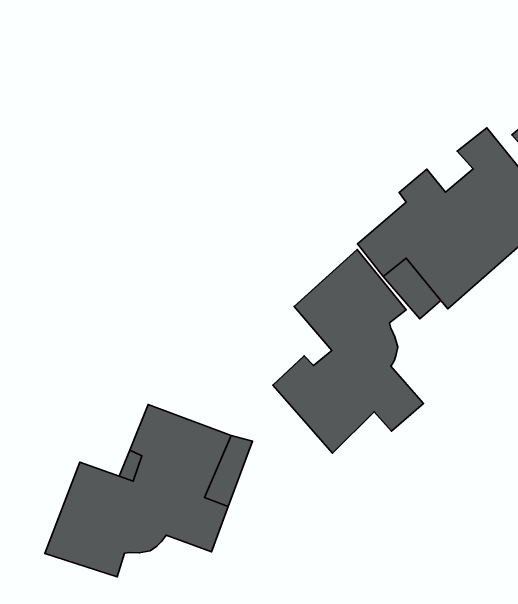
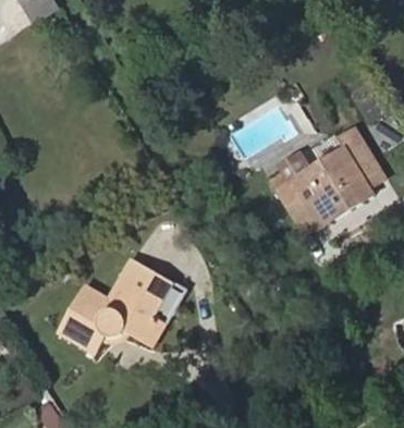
building: [273,249,423,453] -> none

